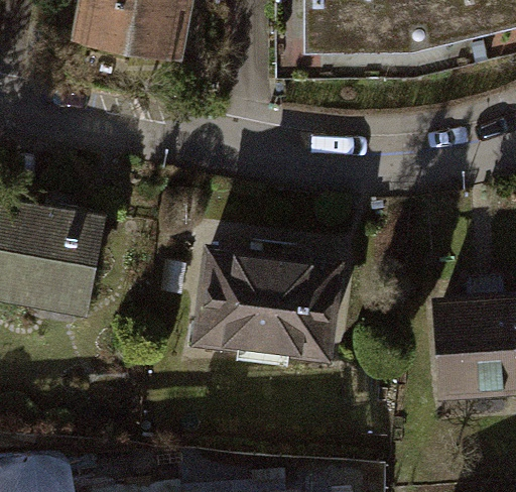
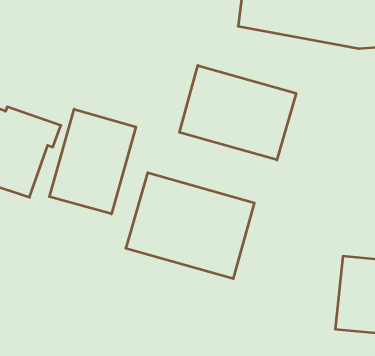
building: none -> [179,65,296,160]
building: none -> [49,109,136,214]

